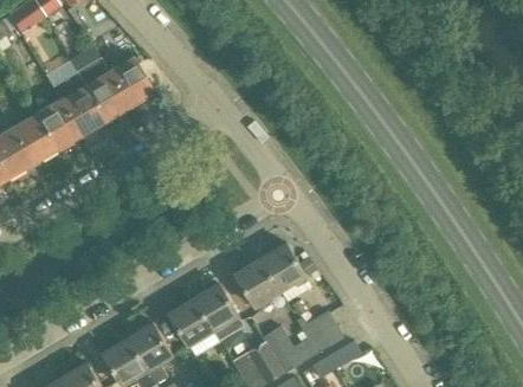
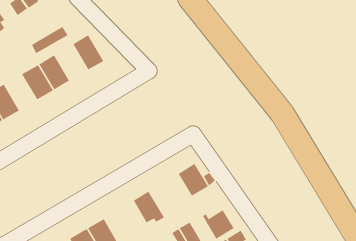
building: [75,58,129,122] -> none
building: [7,112,54,166] -> none
building: [234,258,280,307] -> none
building: [168,297,214,346] -> none

